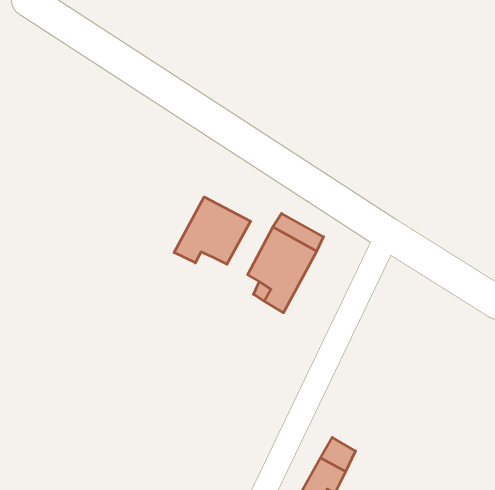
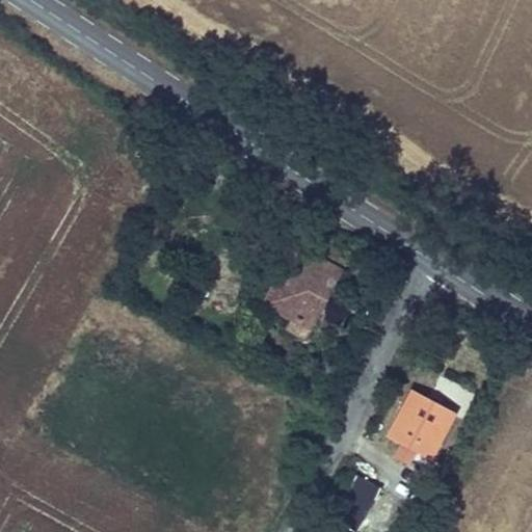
building: [174,197,251,264] -> none
building: none -> [390,395,452,458]

